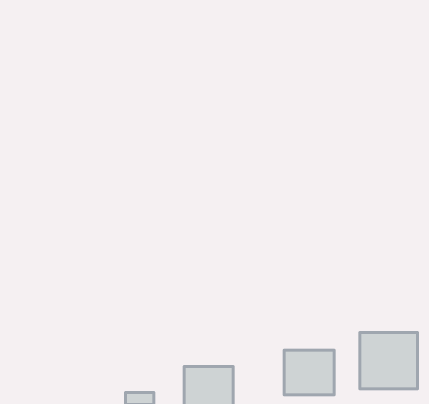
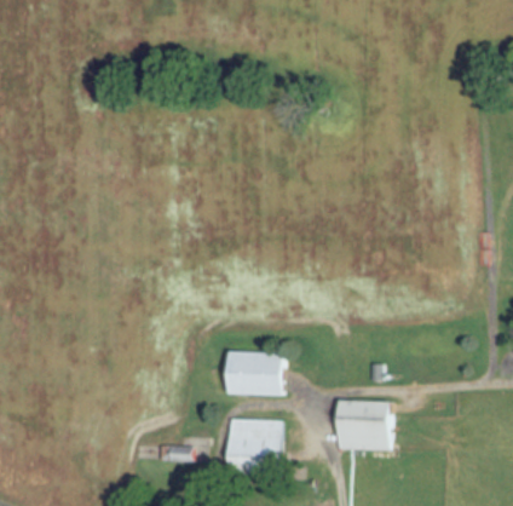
building: none -> [225,351,284,396]
building: [360,333,418,389] -> none

